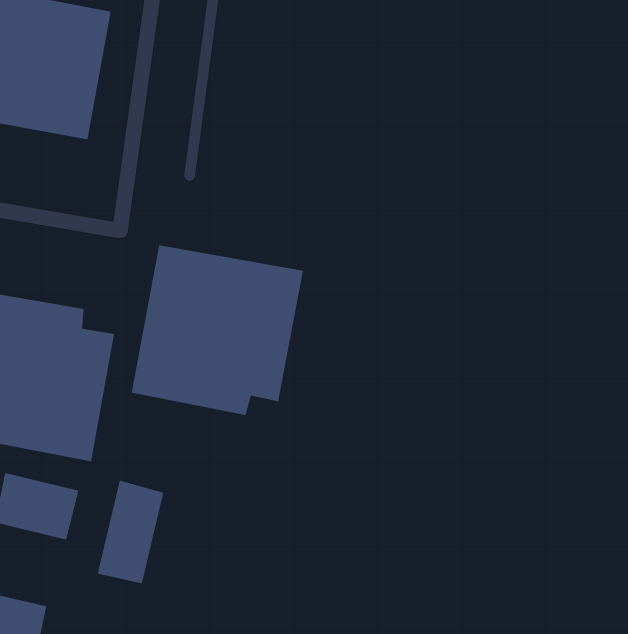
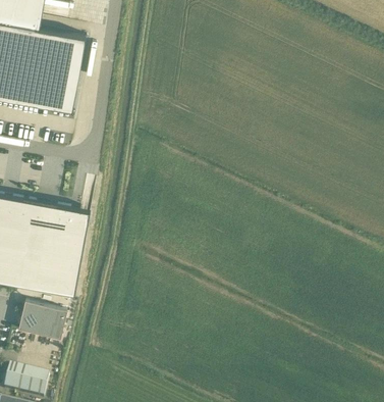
building: [131,244,304,416] -> none
building: [97,480,164,584] -> none

